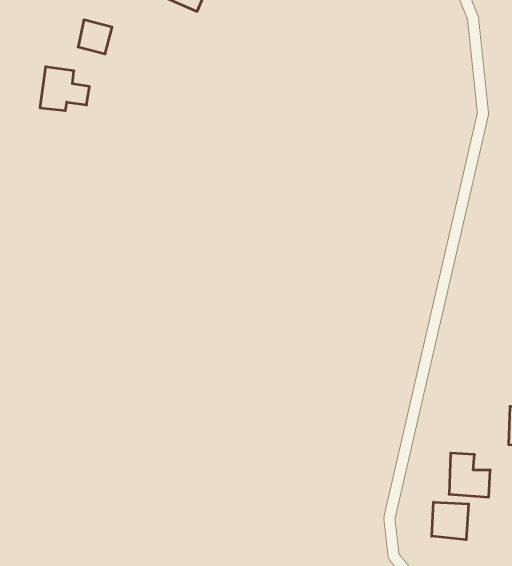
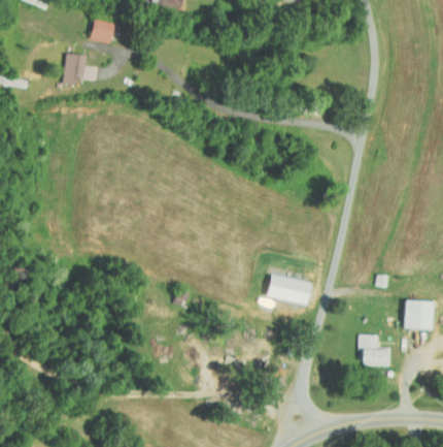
building: none -> [267,275,311,305]
building: [432,502,469,540] -> none

